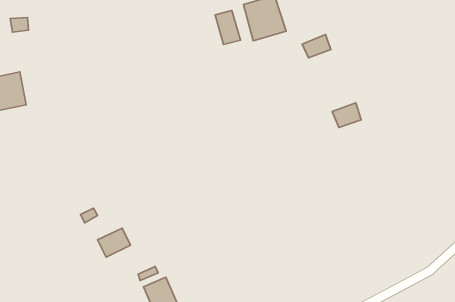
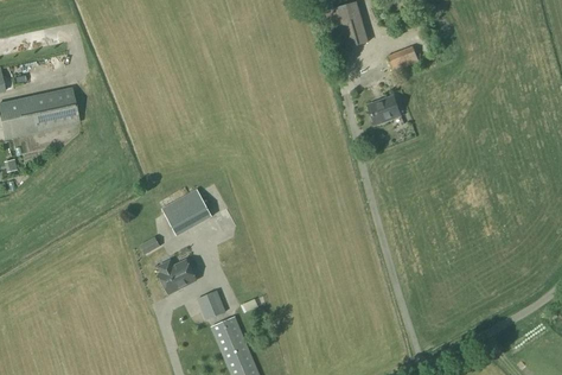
building: [215,10,240,45] -> none
building: [332,103,361,127] -> [368,95,400,122]
building: none -> [161,188,212,235]

